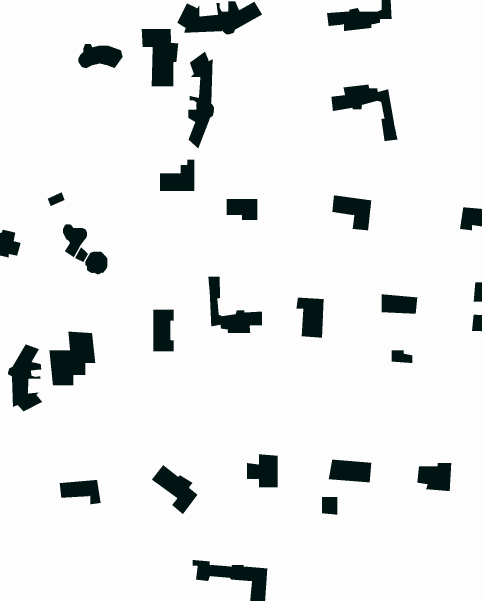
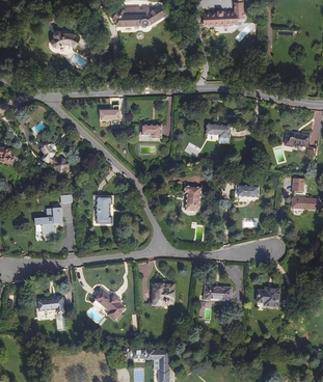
building: [141,28,179,87] -> none
building: [188,51,214,150] -> none
building: [331,84,398,142] -> none
building: [208,276,263,334] -> none
building: [7,343,43,412] -> none

